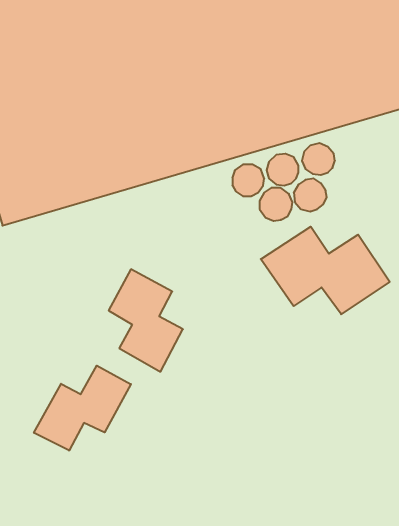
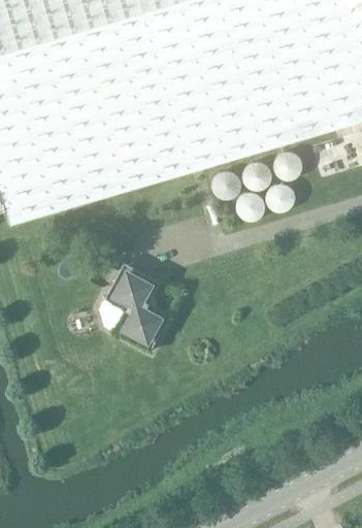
building: [261,227,390,314] -> none
building: [34,366,131,451] -> none

